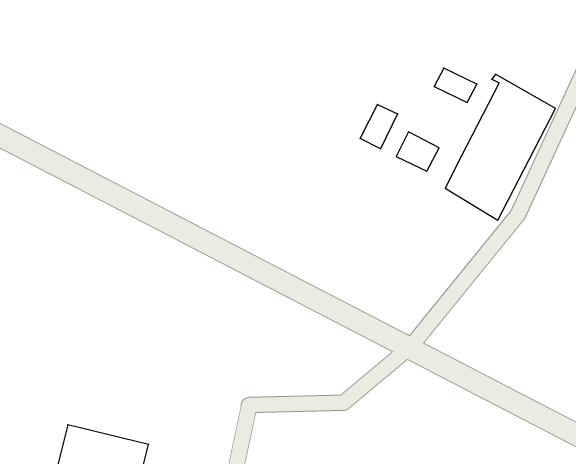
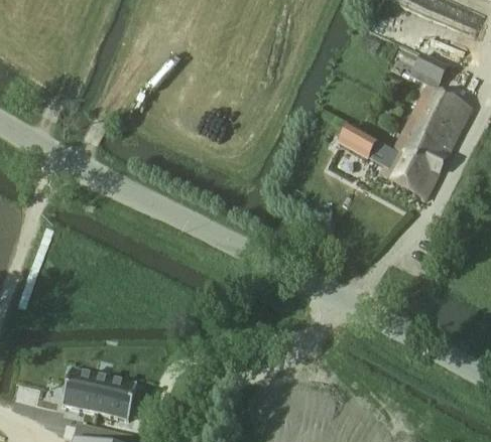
building: [434,68,477,102] -> [412,54,448,83]
building: [360,104,398,149] -> none

